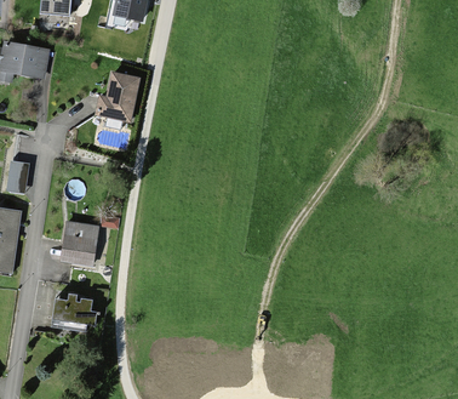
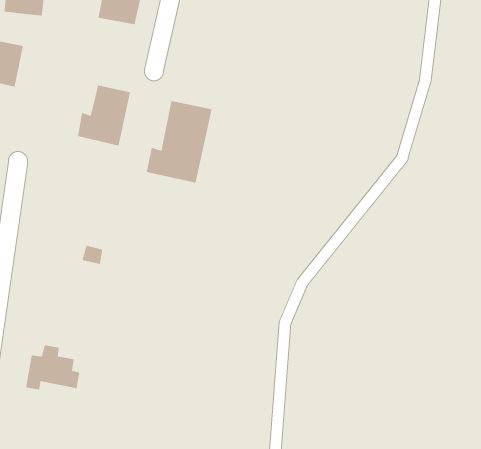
building: none -> [146,100,213,183]
building: [57,221,102,273] -> none

